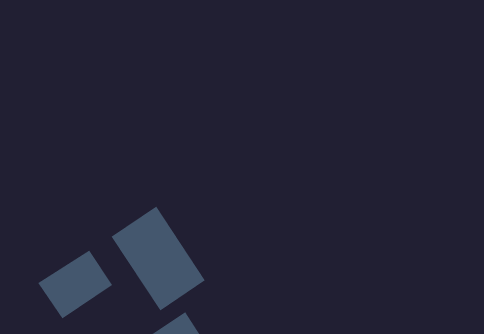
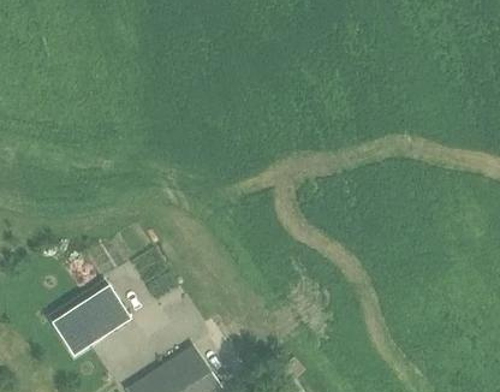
building: [110,205,206,312] -> none

